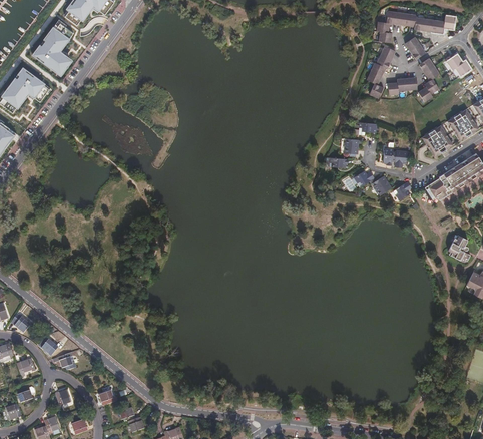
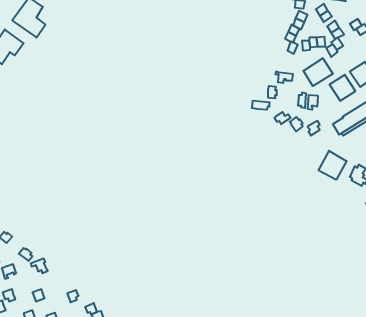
building: none -> [303,58,333,86]
building: none -> [319,151,347,180]

